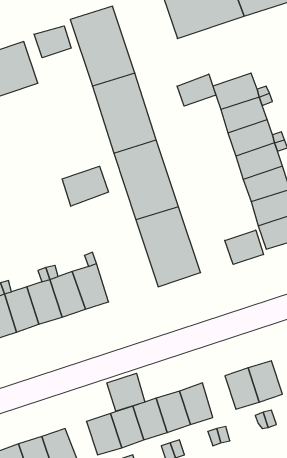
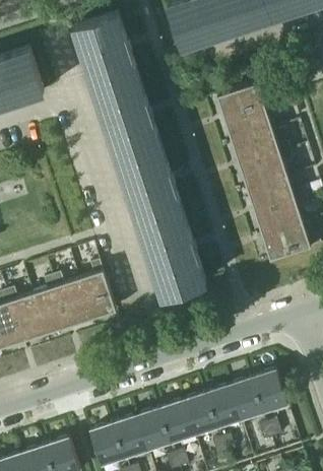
building: [34,26,71,58] -> none
building: [177,74,216,106] -> none
building: [62,166,109,206] -> none
building: [225,230,263,264] -> none
building: [107,373,145,411] -> none
building: none -> [207,386,241,427]

